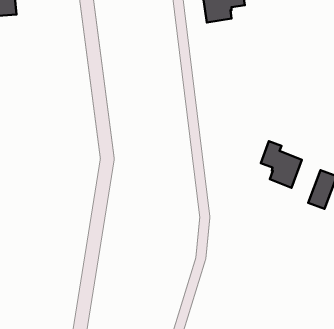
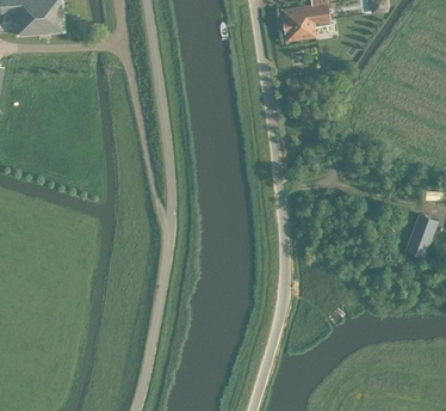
building: [261,141,302,188] -> none

